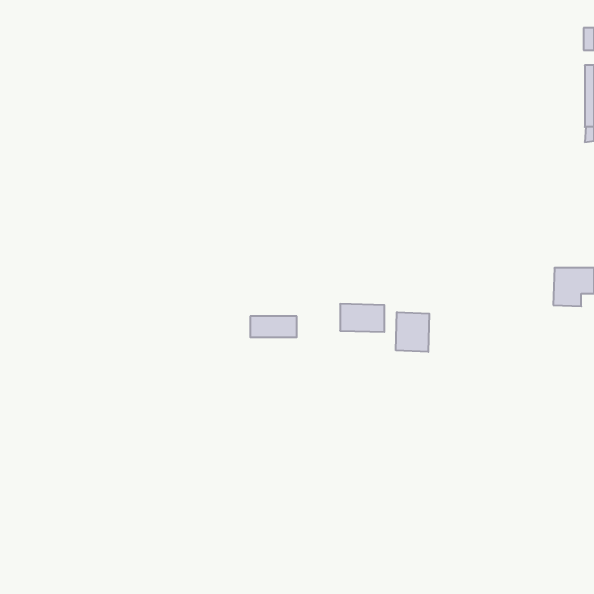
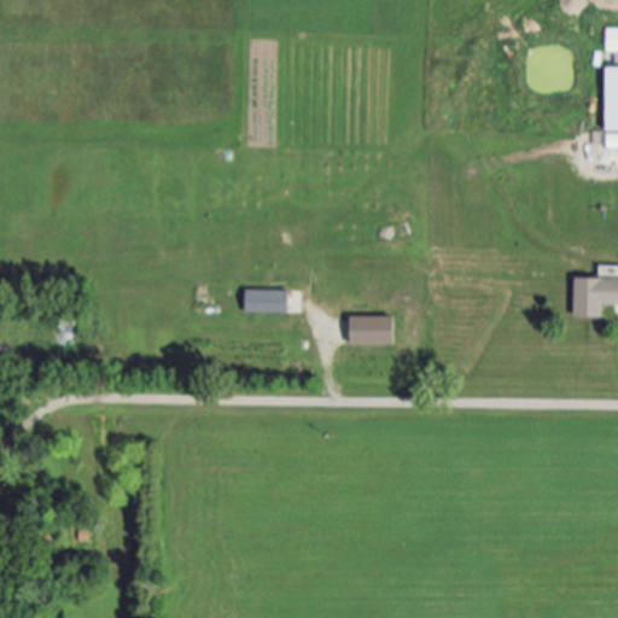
building: [396,312,429,352] -> none
building: [250,316,297,337] -> [245,290,293,311]

